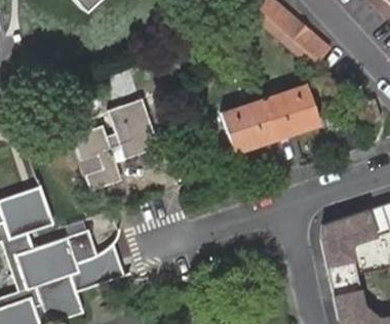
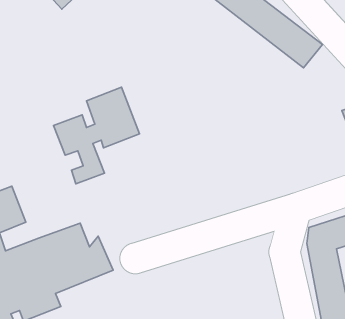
building: [231,87,320,152] -> none

